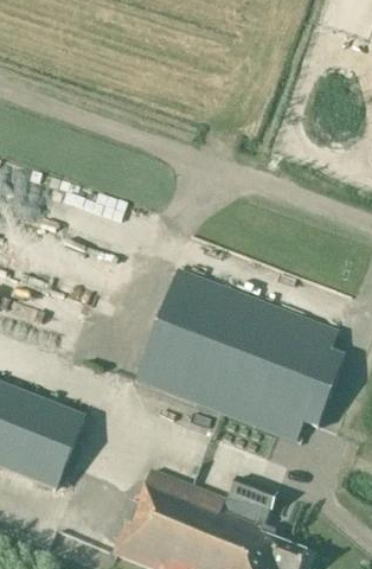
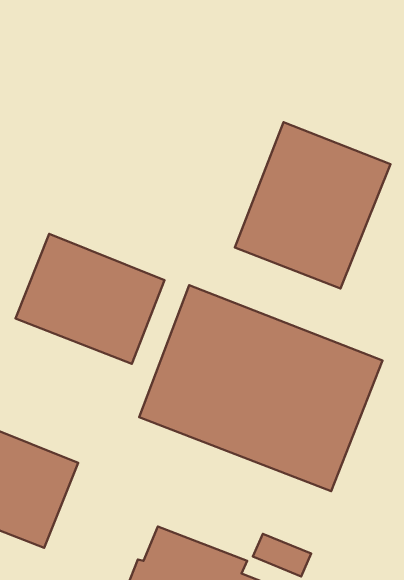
building: none -> [235,122,391,288]
building: none -> [16,234,165,364]

